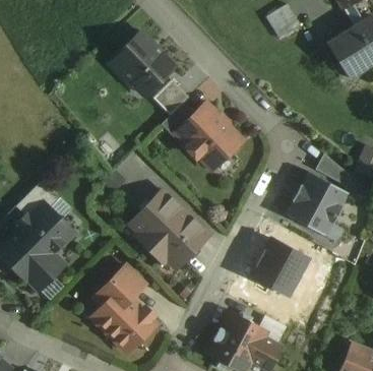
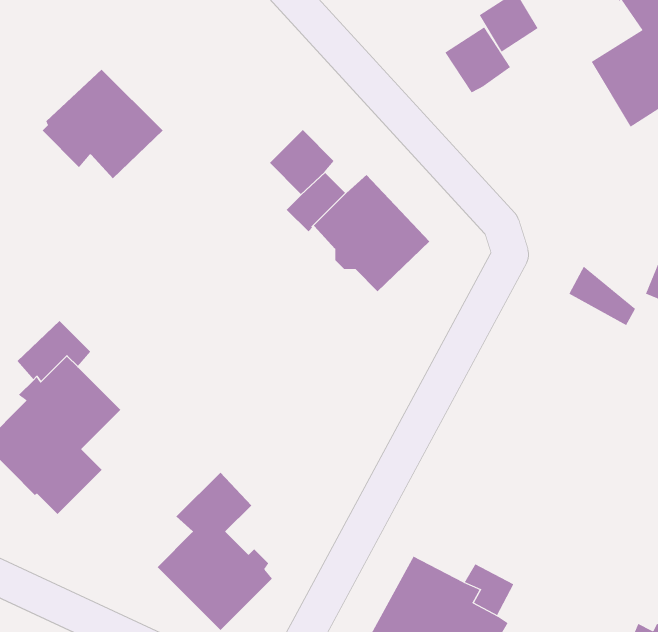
building: none -> [445,26,511,93]
building: [109,33,175,92] -> [42,69,163,179]
building: [286,172,349,236] -> none
building: [130,191,208,268] -> none
building: [250,239,309,298] -> none

